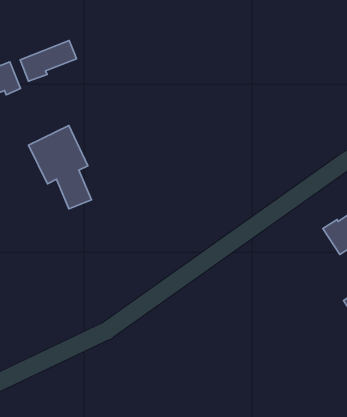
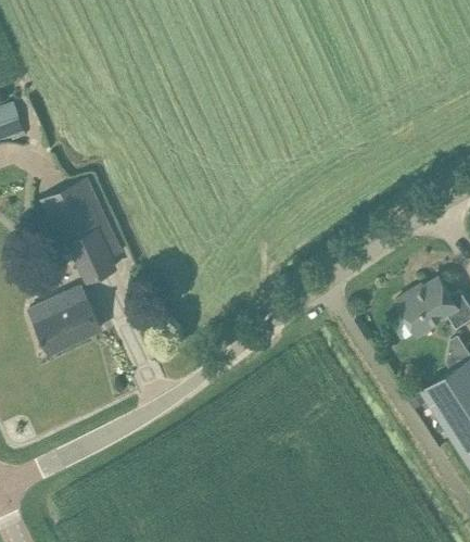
building: [20,41,77,81] -> none
building: none -> [34,295,101,353]

